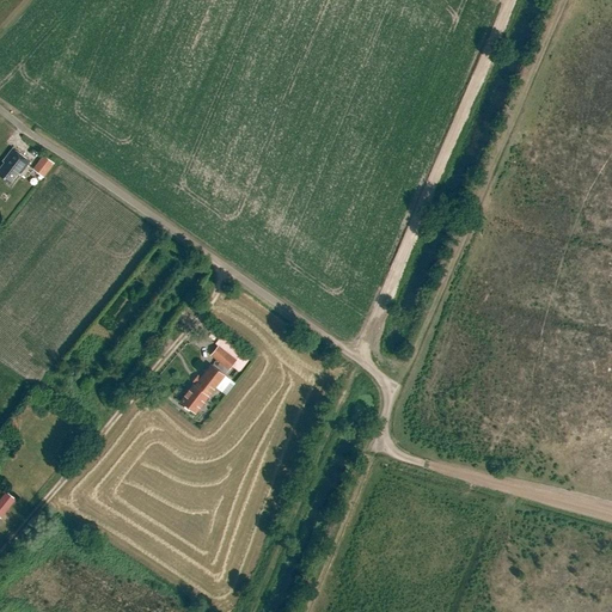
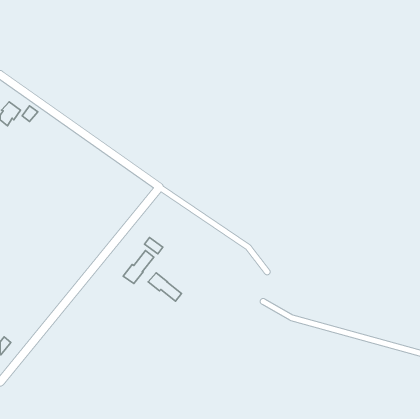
building: none -> [148,273,181,301]

